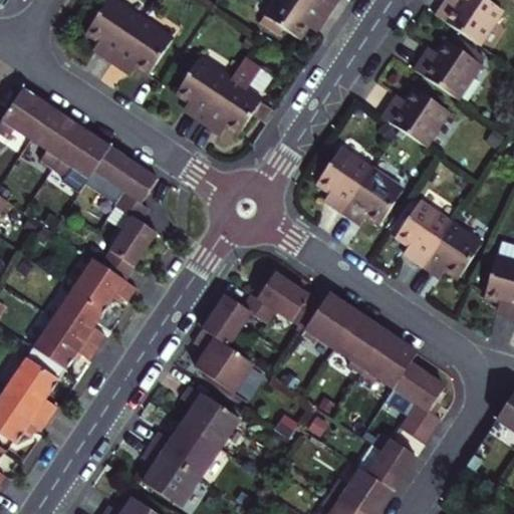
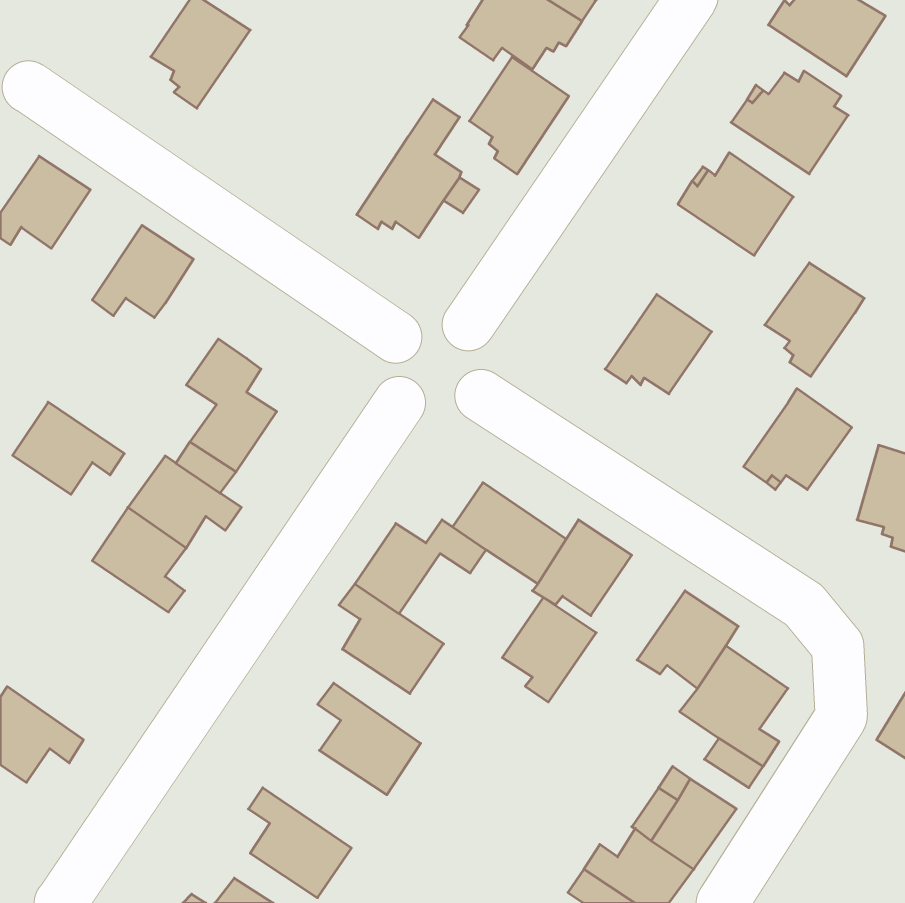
building: [112,17,173,74] -> none
building: [176,55,232,121] -> [469,57,569,174]
building: [30,107,81,170] -> none
building: [317,146,372,209] -> none
building: [94,147,158,203] -> none
building: [396,200,452,264] -> [765,263,864,376]
building: [335,314,389,373] -> [502,597,596,702]
building: [33,317,96,369] -> [13,402,124,494]
building: [5,357,59,419] -> none
building: [150,425,220,480] -> none

